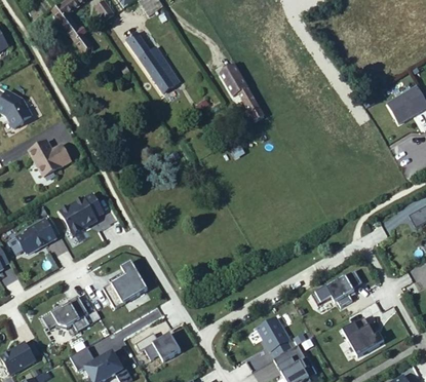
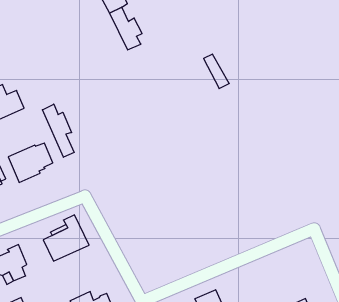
building: [220,67,246,97] -> none
building: none -> [42,104,74,157]
building: [320,270,361,307] -> none

